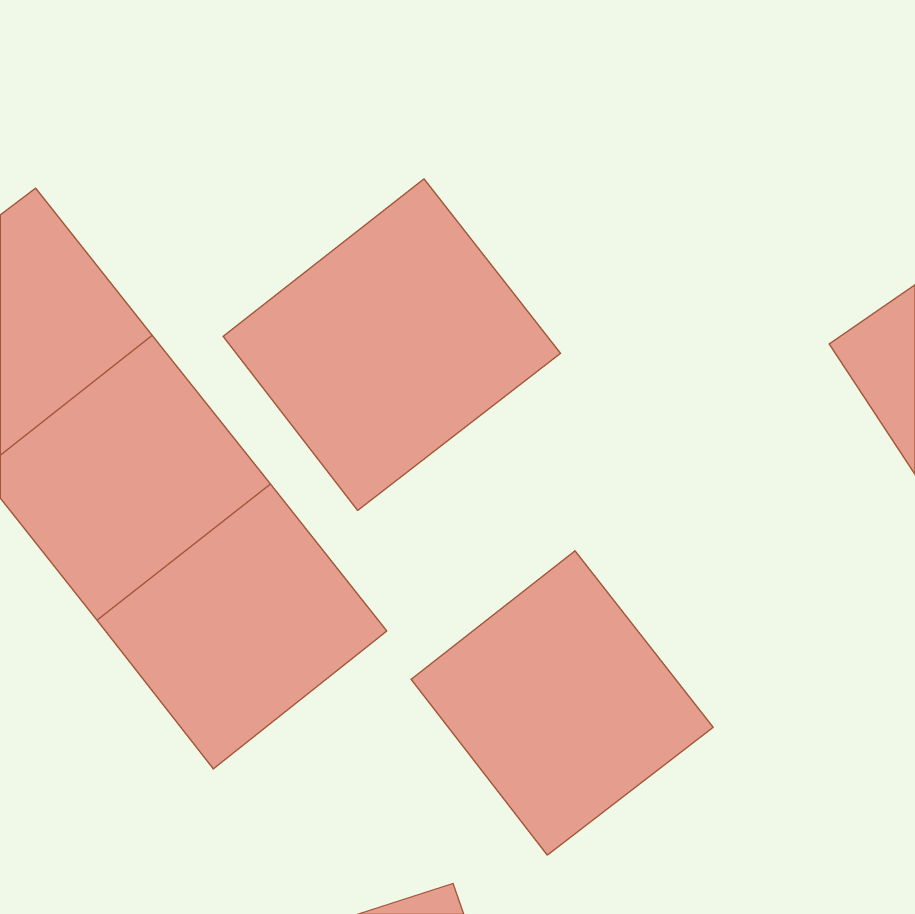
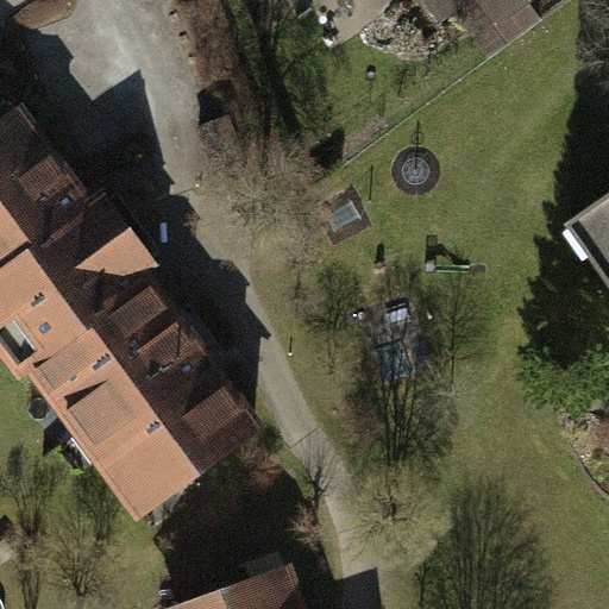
building: [223,179,561,510] -> none
building: [411,551,713,855] -> none

